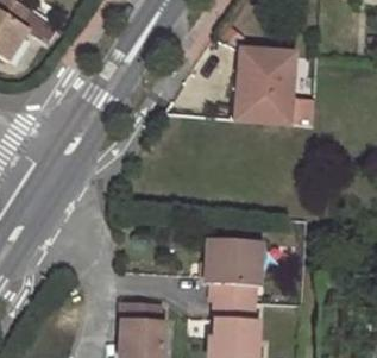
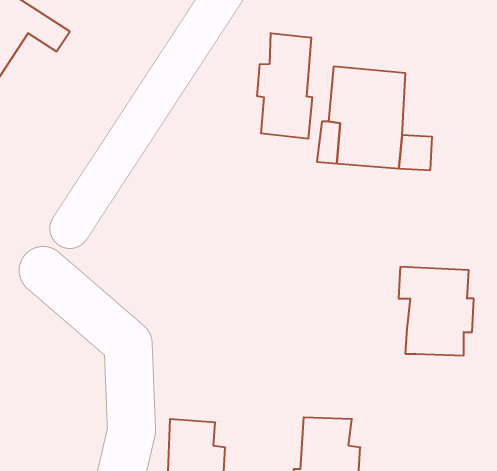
building: none -> [257,33,312,139]
building: [209,238,263,301] -> [399,267,474,355]

